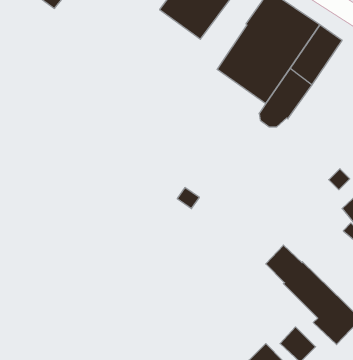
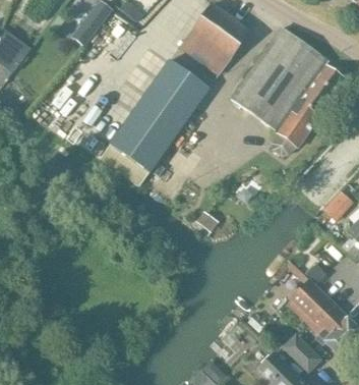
building: none -> [100,58,207,183]

